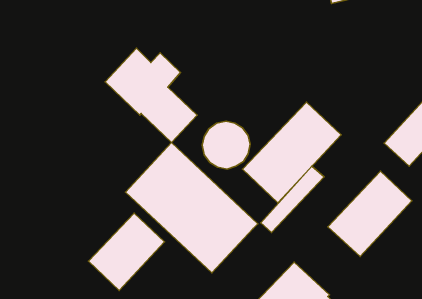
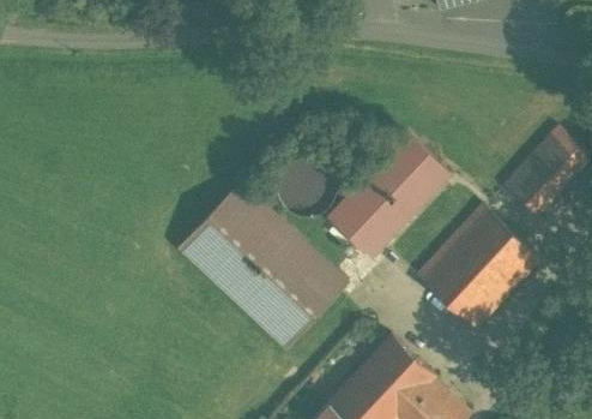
building: [105,48,197,142] -> none
building: [261,166,324,232] -> [419,206,499,289]
building: [89,213,164,291] -> none

